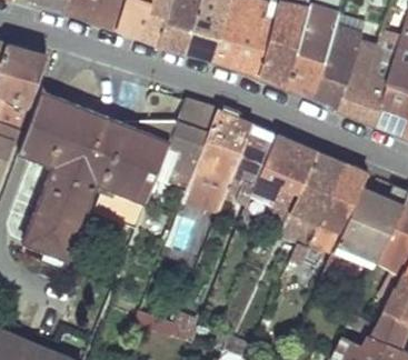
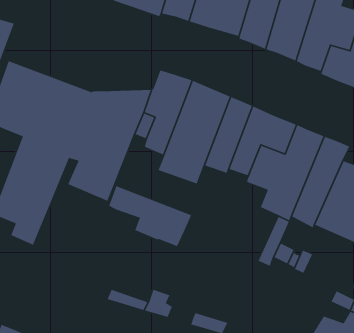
building: none -> [108,185,192,247]

